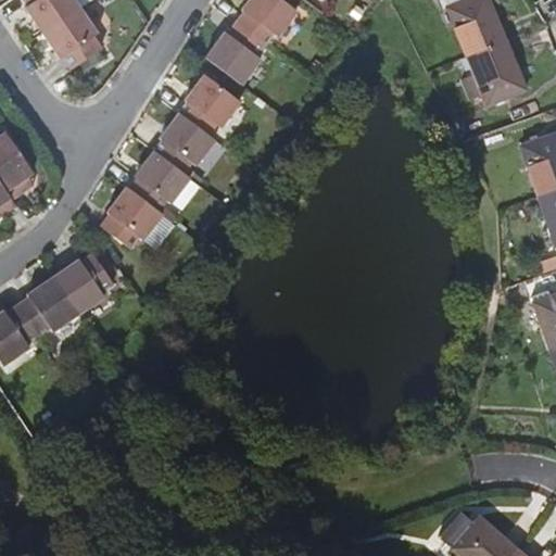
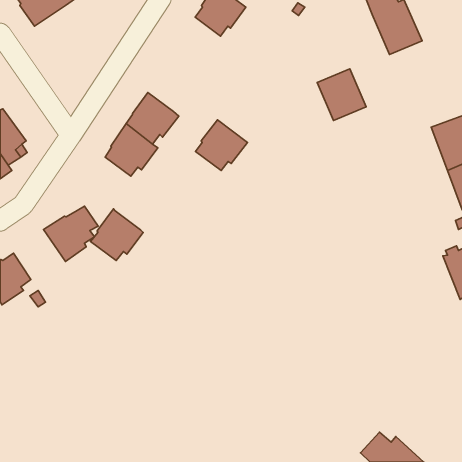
building: [43,7,102,70] -> none
building: [206,21,266,83] -> none
building: [468,49,527,111] -> [317,69,366,121]
building: [179,73,241,134] -> [196,120,247,171]
building: [99,186,162,248] -> [91,209,143,261]
building: [18,275,80,334] -> none

